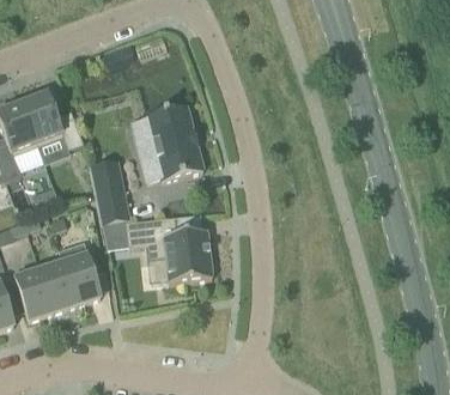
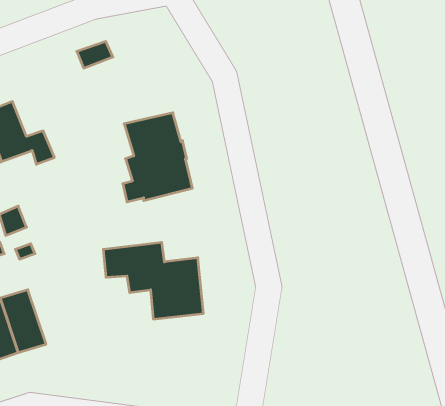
building: [90,159,129,224] -> none
building: [59,242,101,303] -> none

